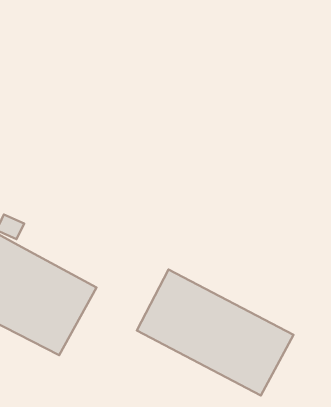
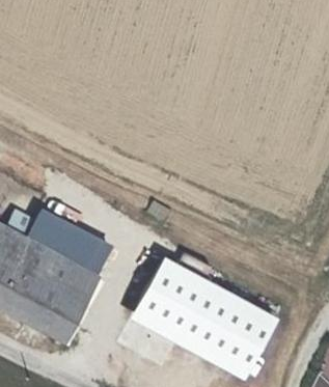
building: none -> [27,209,112,276]

